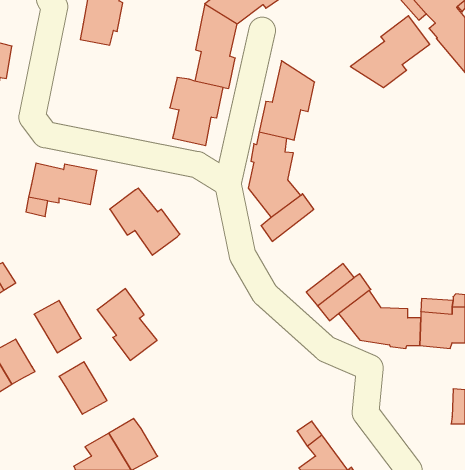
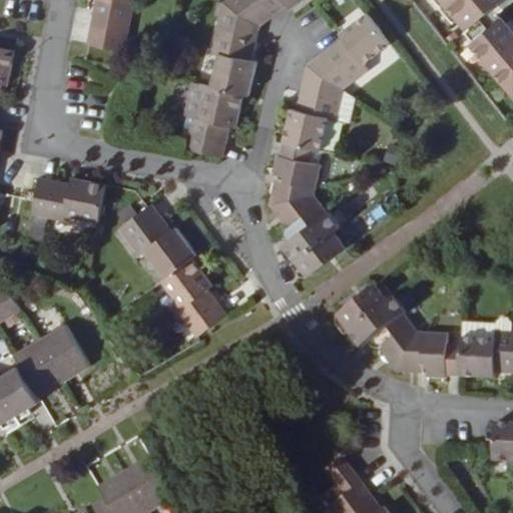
building: [350,16,430,88] -> [306,11,392,89]
building: none -> [296,231,348,278]
building: [97,289,157,360] -> [161,258,226,336]
building: [59,362,107,414] -> [10,342,62,399]

